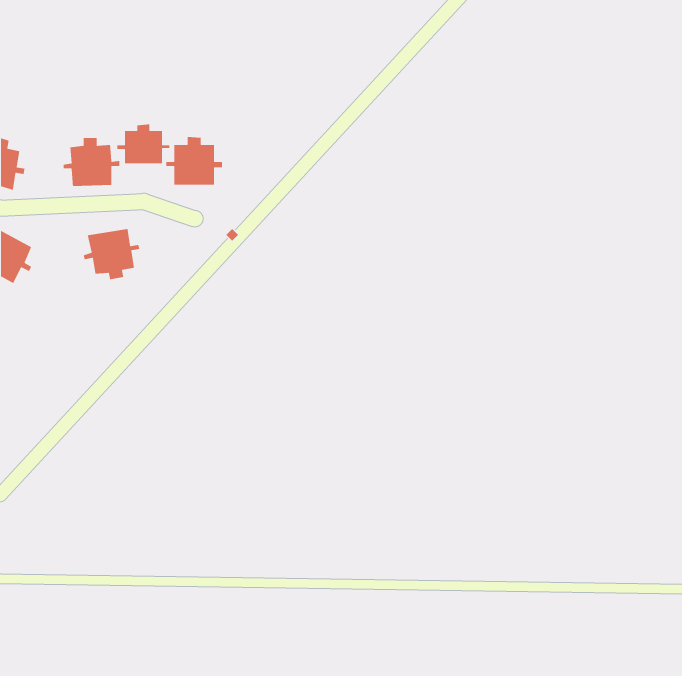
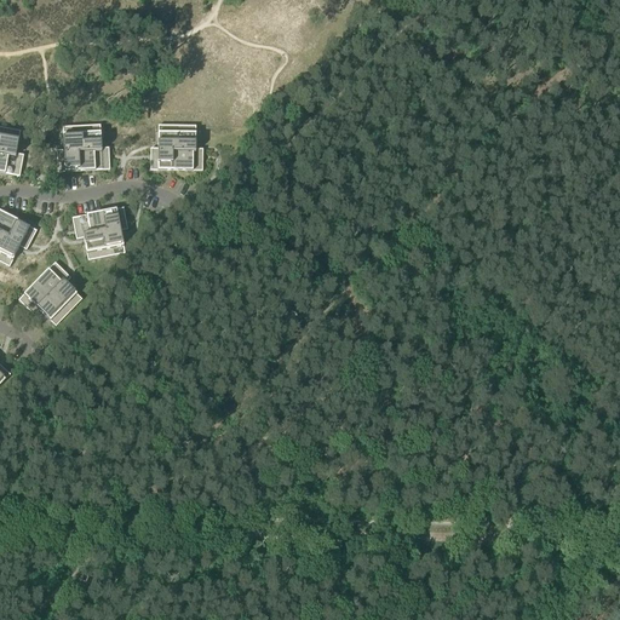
building: [117,124,170,164] -> none
building: none -> [24,266,76,318]

